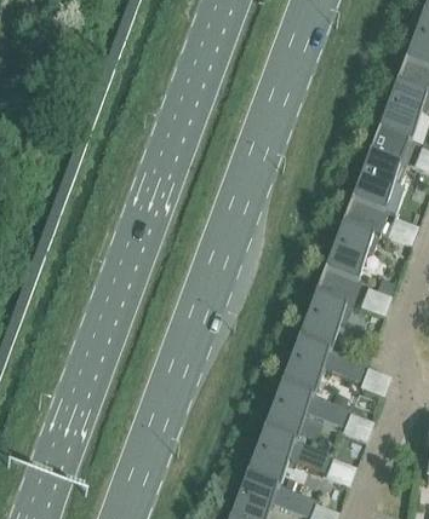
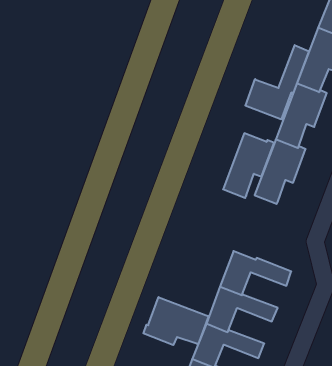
building: none -> [245,45,309,119]
building: [297,270,361,351] -> [223,133,274,198]
building: none -> [143,297,208,345]

